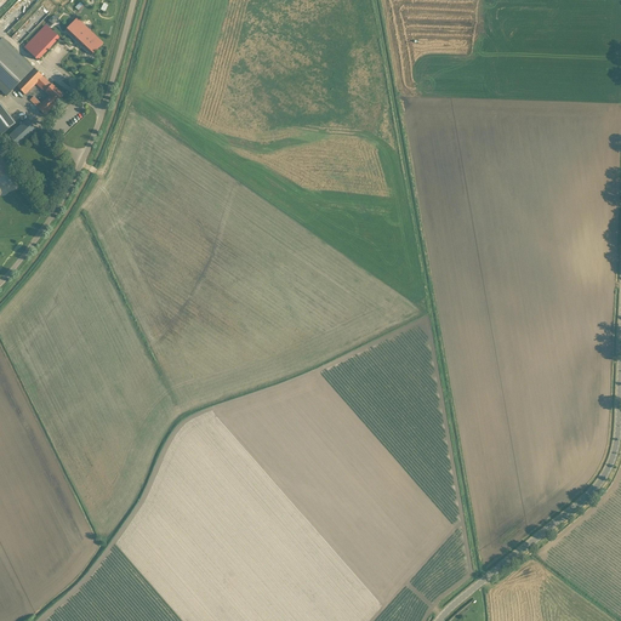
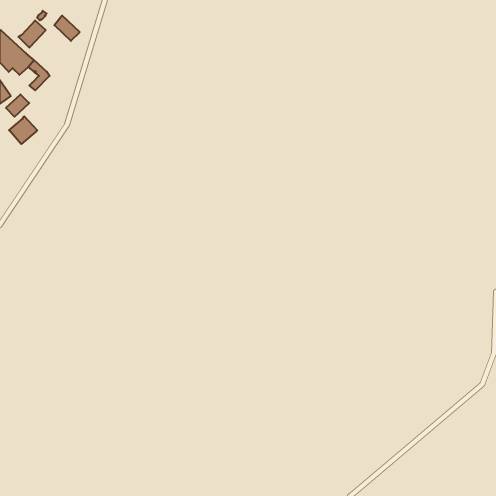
building: none -> [9,116,37,144]

